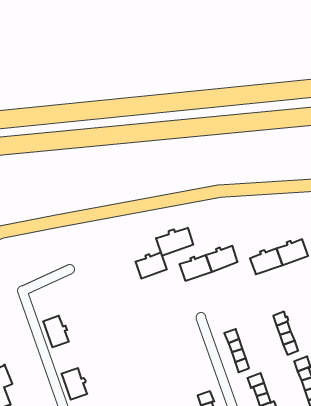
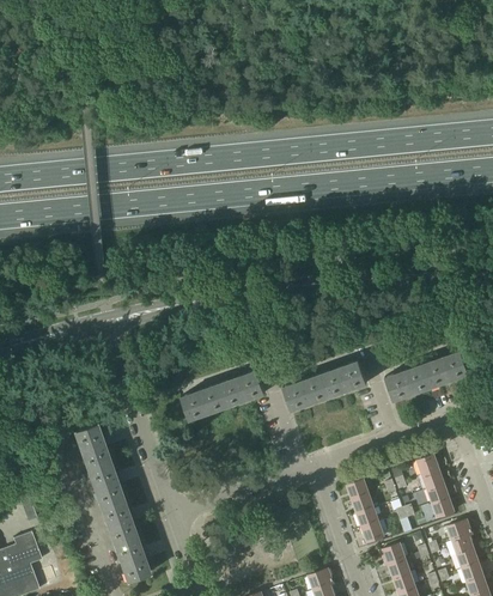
building: [156,228,193,256] -> none
building: none -> [182,383,229,420]
building: none -> [73,424,110,469]
building: none -> [101,498,138,545]

